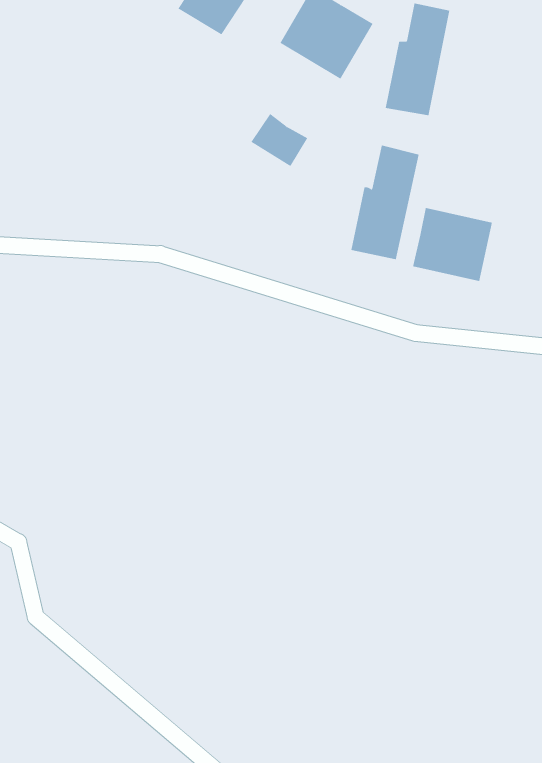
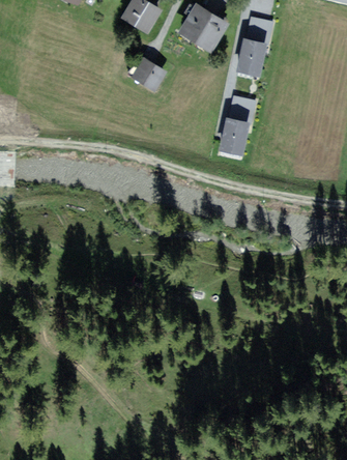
building: [251,113,308,167] -> [133,59,164,88]
building: [413,207,492,282] -> none

